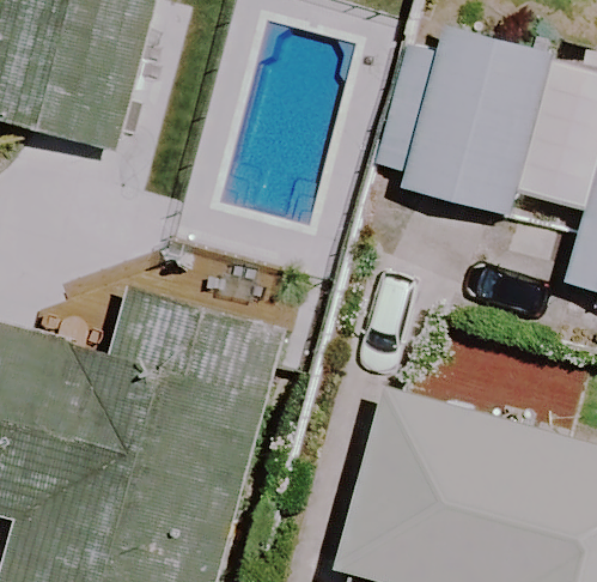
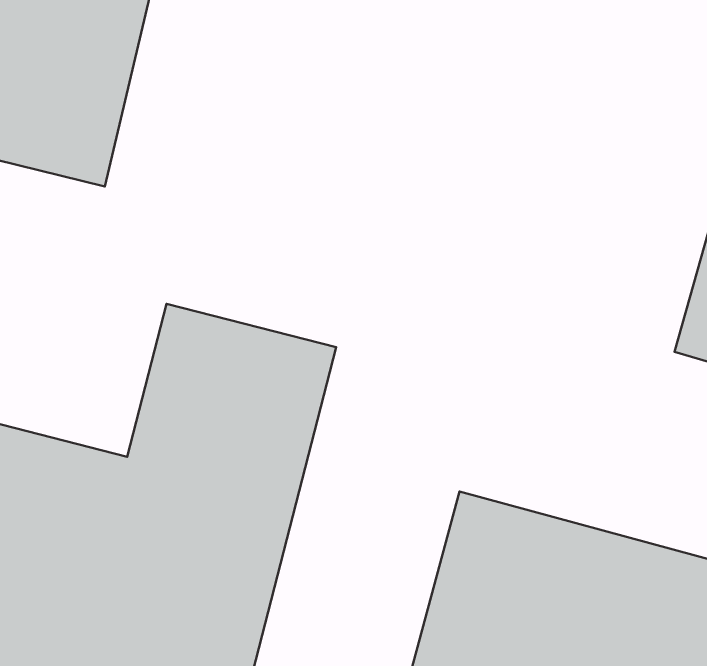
building: [377,24,552,218] -> none

